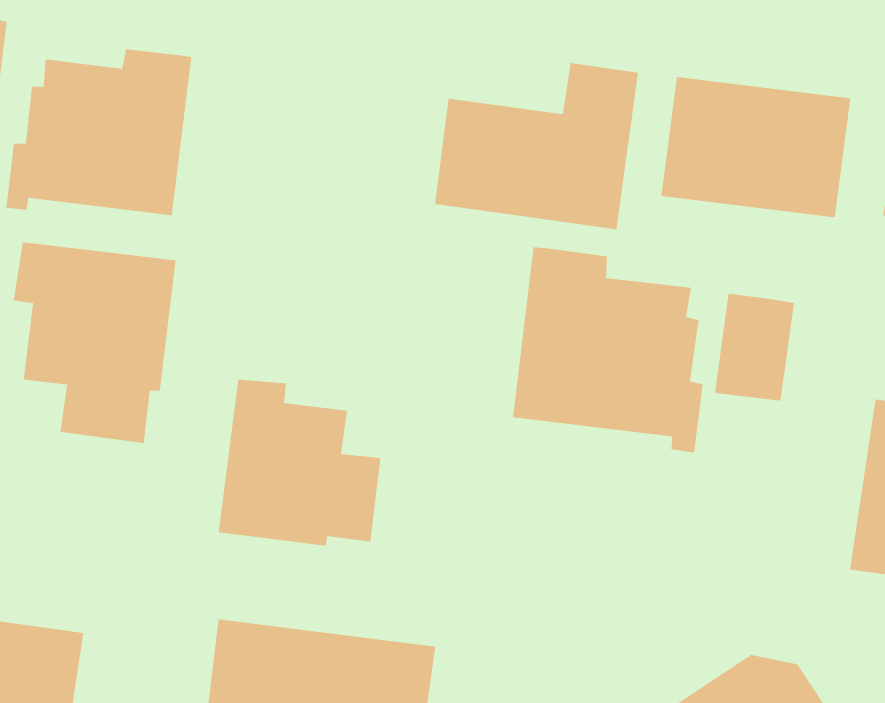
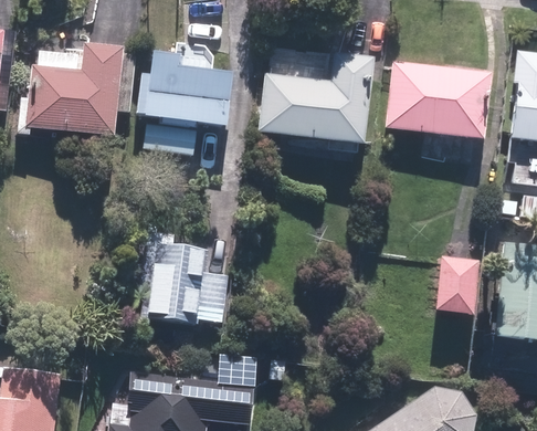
building: none -> [137,52,233,156]
building: [13,242,176,444] -> none
building: [513,246,703,454] -> none
building: [714,293,795,401] -> [434,255,480,316]

